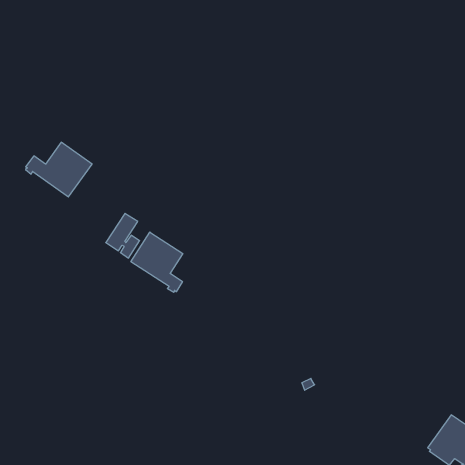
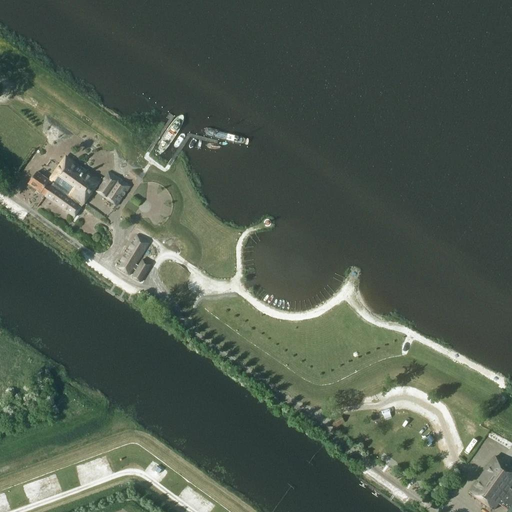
building: none -> [97,170,133,206]
building: [131,232,183,292] -> none

